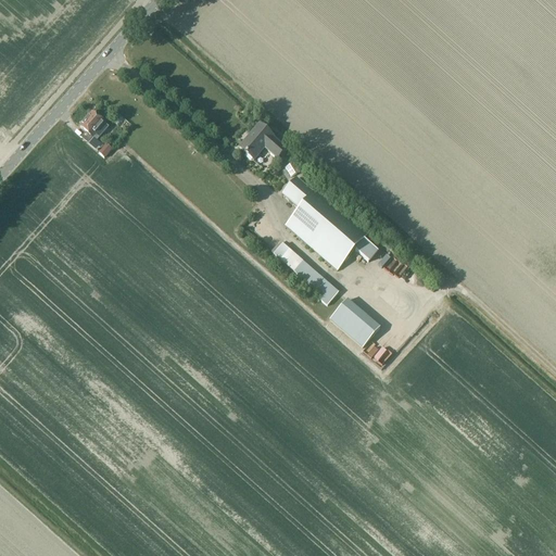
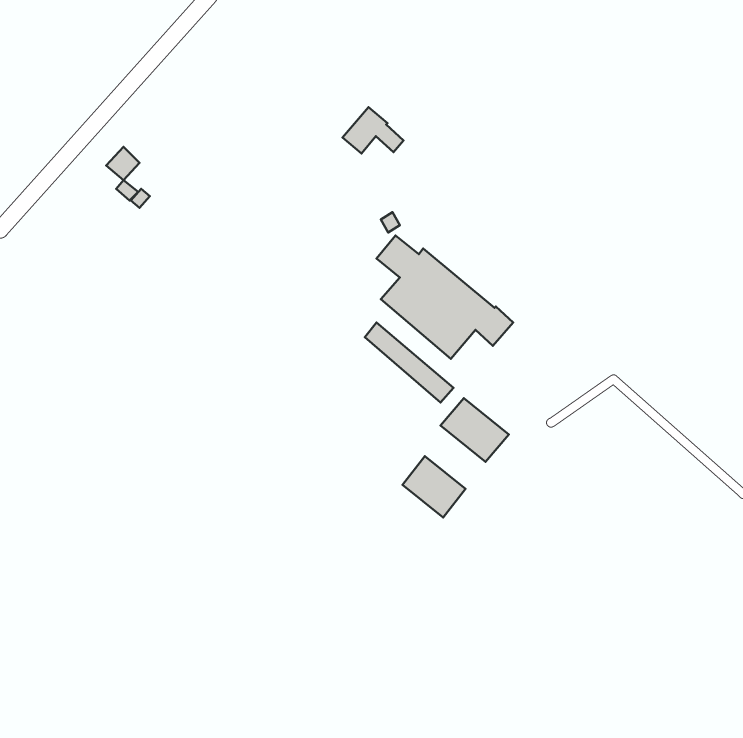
building: [239,123,285,157] -> [342,107,404,154]
building: none -> [403,456,465,517]

